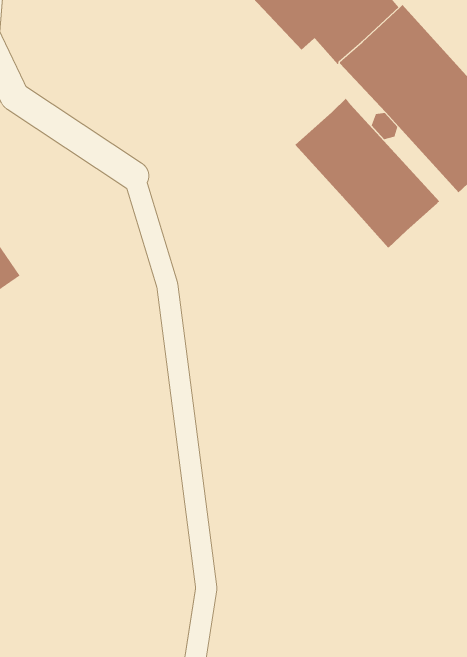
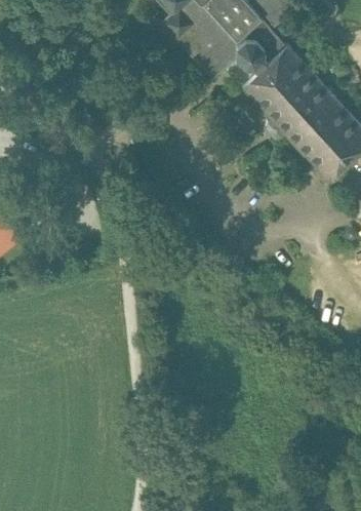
building: [295,98,440,248] -> none

